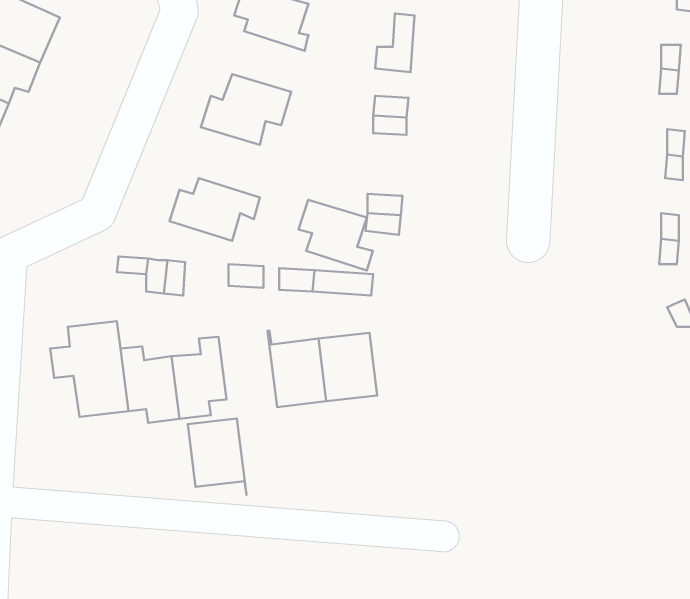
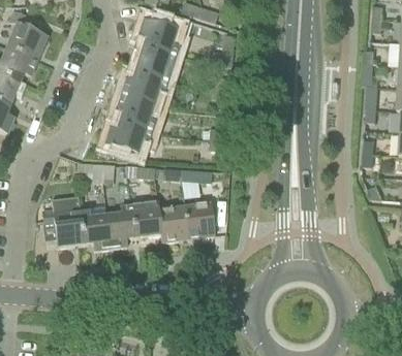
building: none -> [137,42,176,74]
building: [298,200,373,270] -> [116,93,155,130]
building: [188,418,246,495] -> [130,200,161,240]

